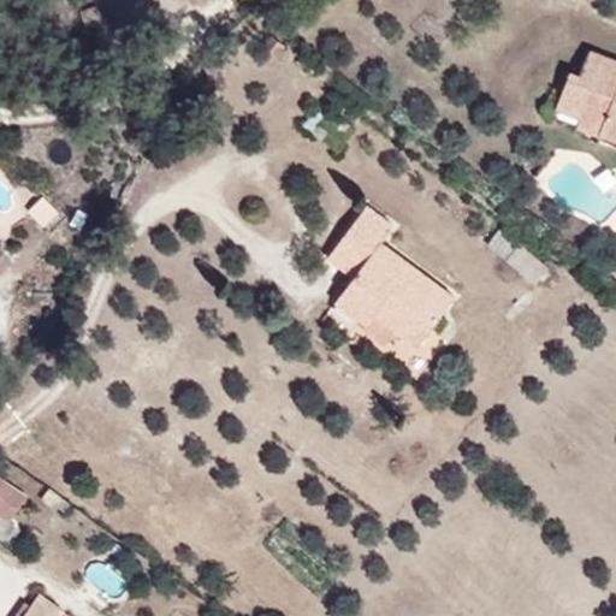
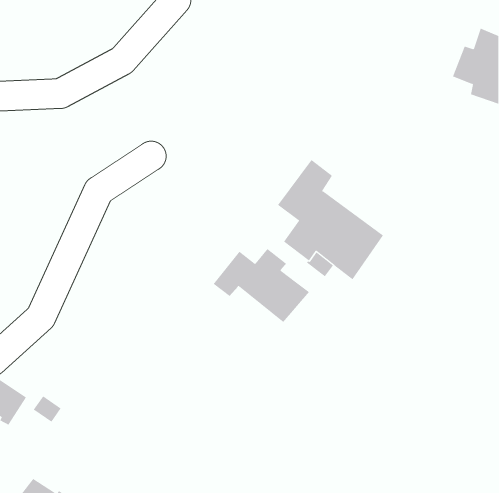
building: none -> [213,248,310,323]

